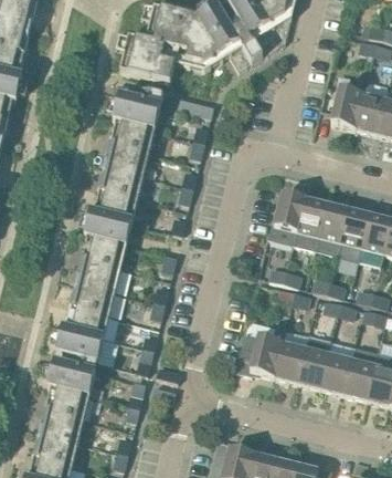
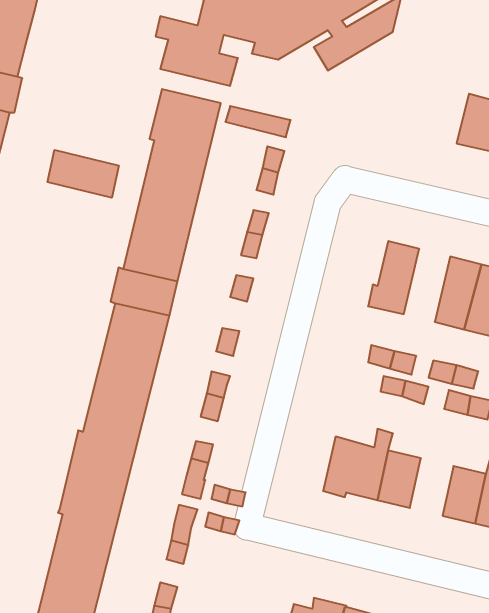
building: none -> [48,150,119,198]
building: [294,198,327,250] -> none
building: [298,335,332,388] -> none

